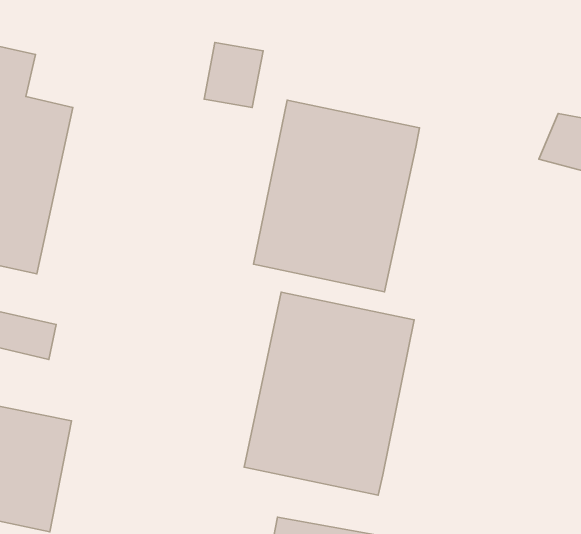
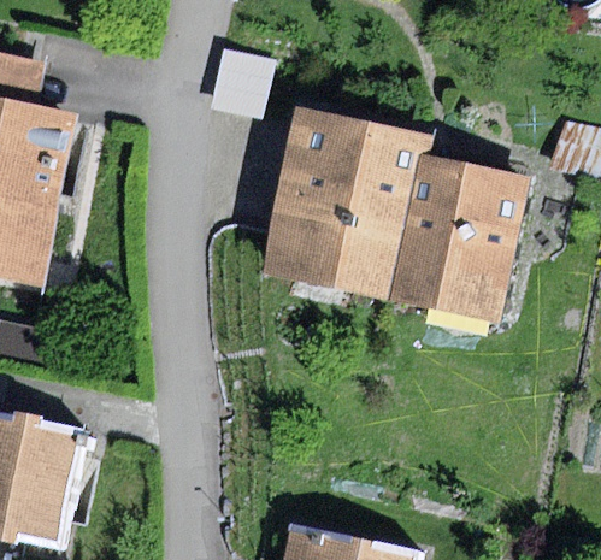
building: none -> [391,155,530,323]
building: [244,292,414,495] -> none

